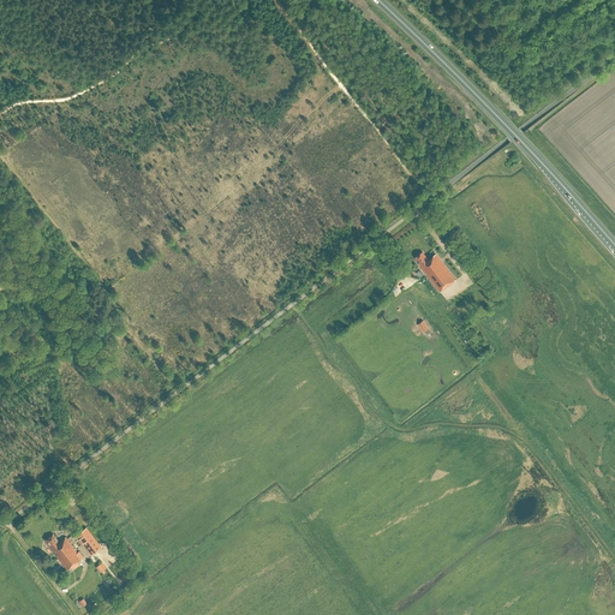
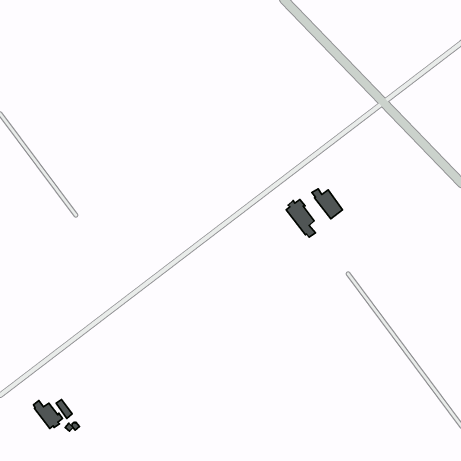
building: none -> [286,200,315,237]

